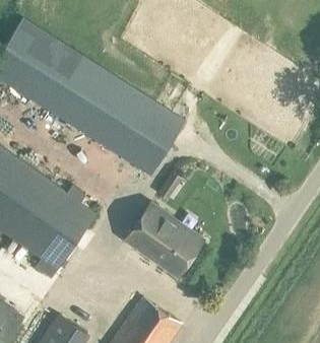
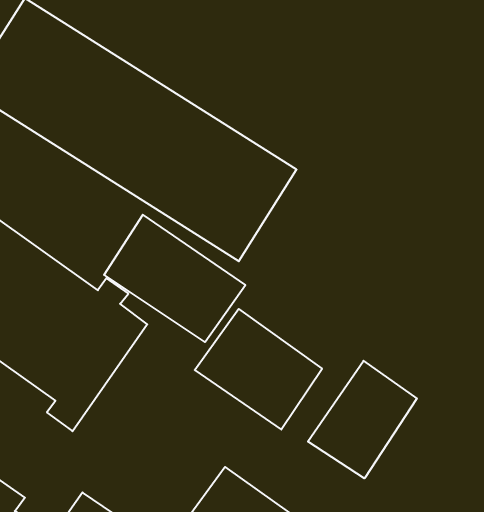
building: none -> [104,215,245,342]
building: none -> [308,361,417,478]

